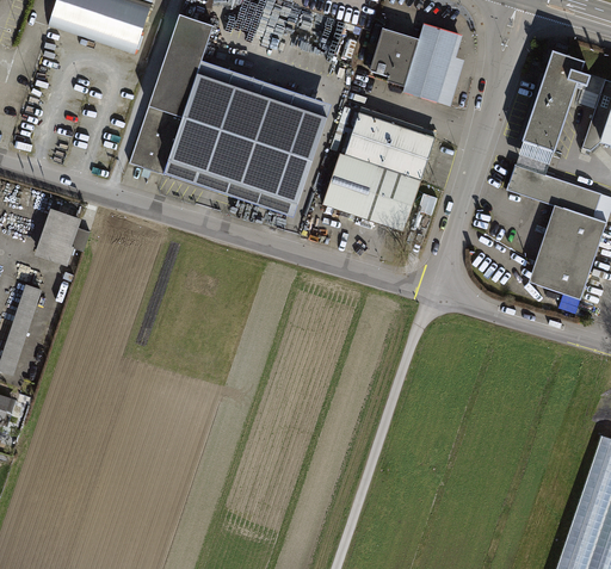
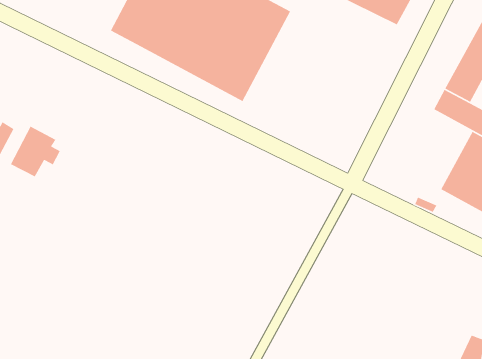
building: [326,109,440,234] -> none
building: [33,210,88,267] -> [10,125,61,177]

